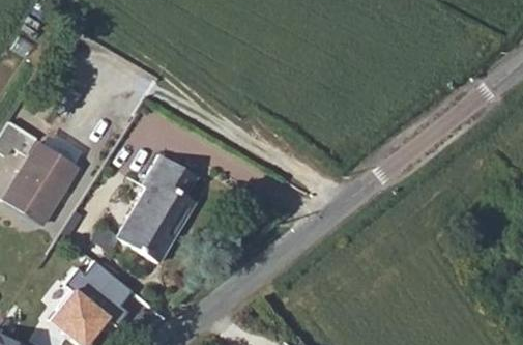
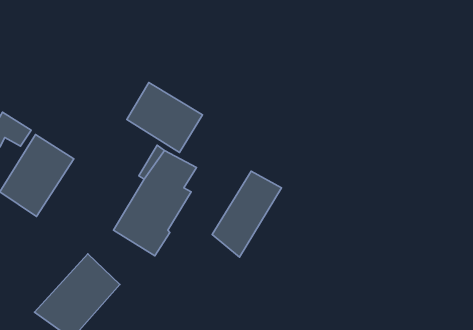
building: none -> [127,83,203,152]
building: none -> [212,171,281,257]

